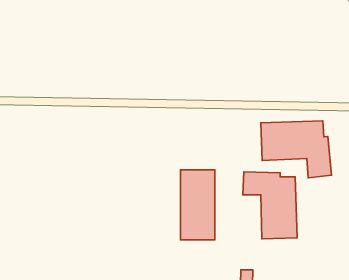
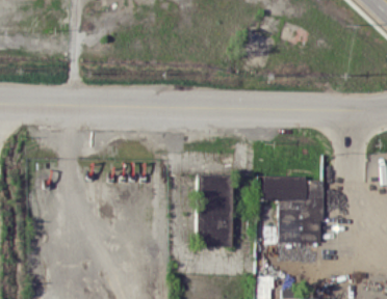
building: [261,121,331,178] -> none

